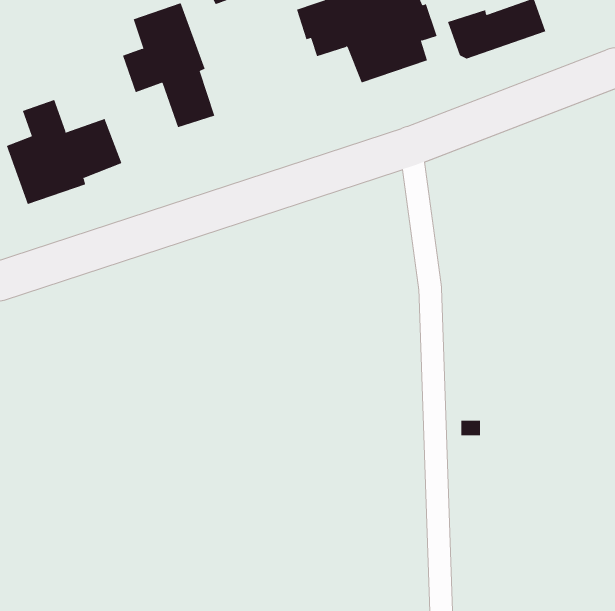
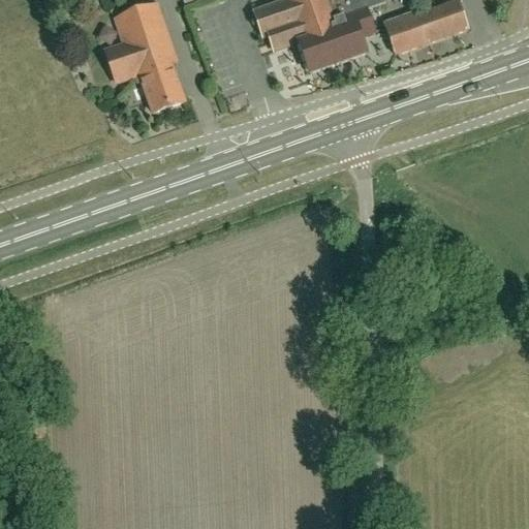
building: [6,99,122,205] -> none

